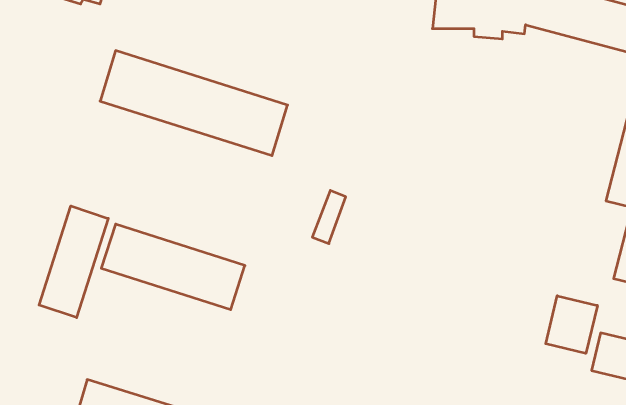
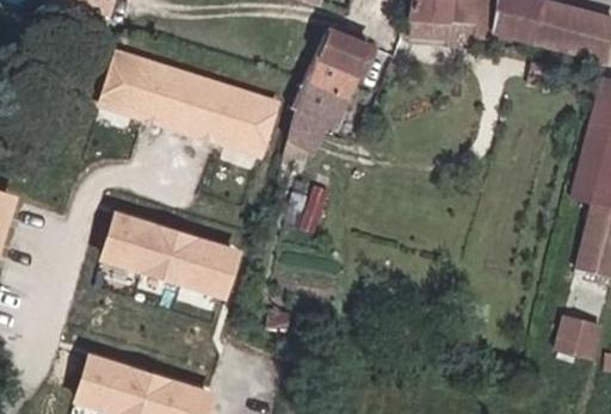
building: none -> [271,25,372,157]
building: [39,206,108,318] -> none
building: [546,296,597,353] -> none

